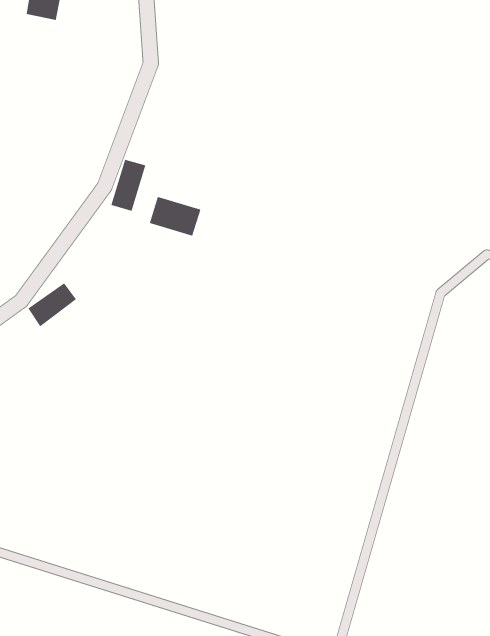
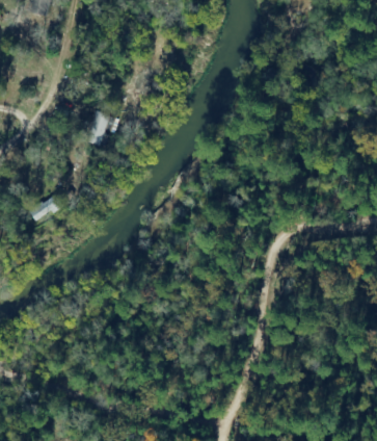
building: [149,196,201,237] -> none

